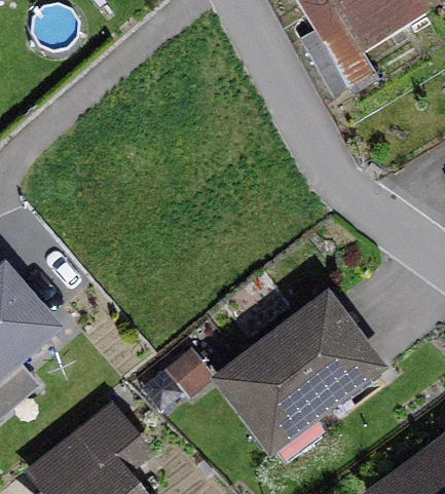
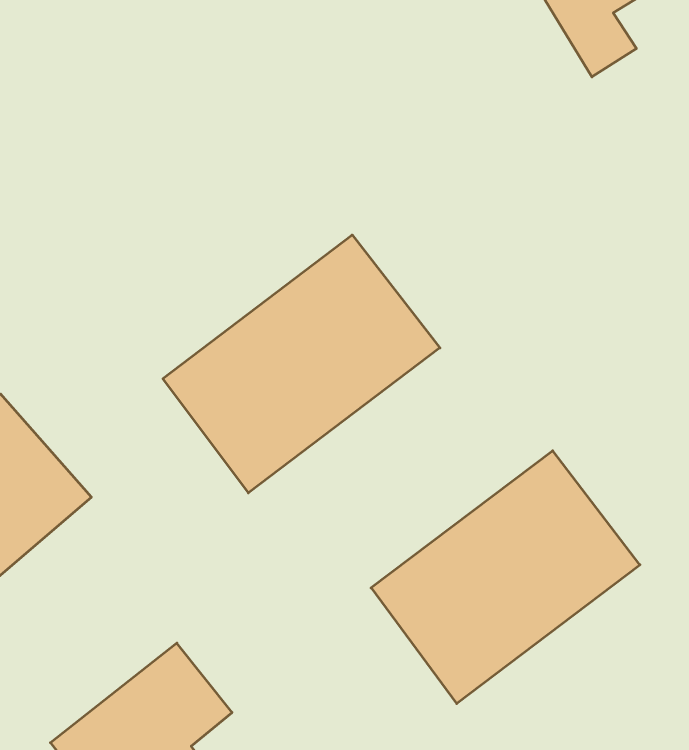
building: none -> [163,235,440,493]

